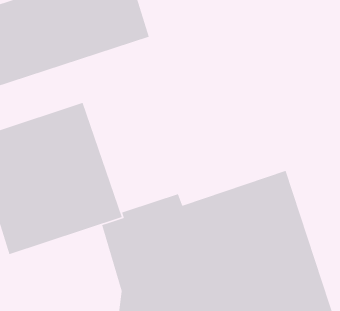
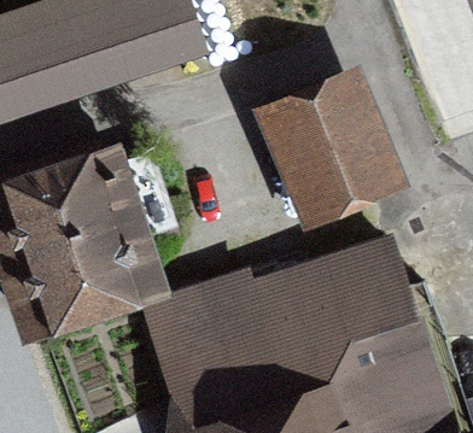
building: none -> [255,64,410,232]

